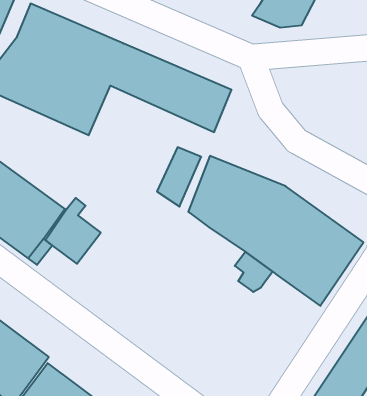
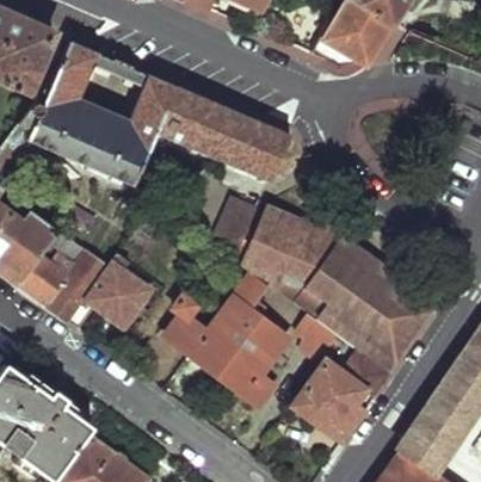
building: none -> [166,271,289,403]
building: none -> [295,339,390,441]

